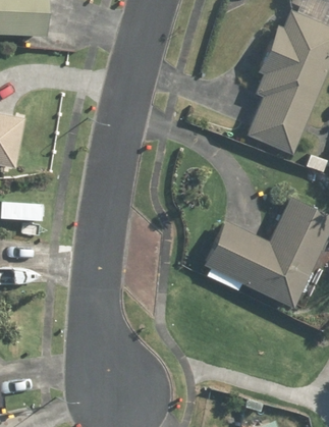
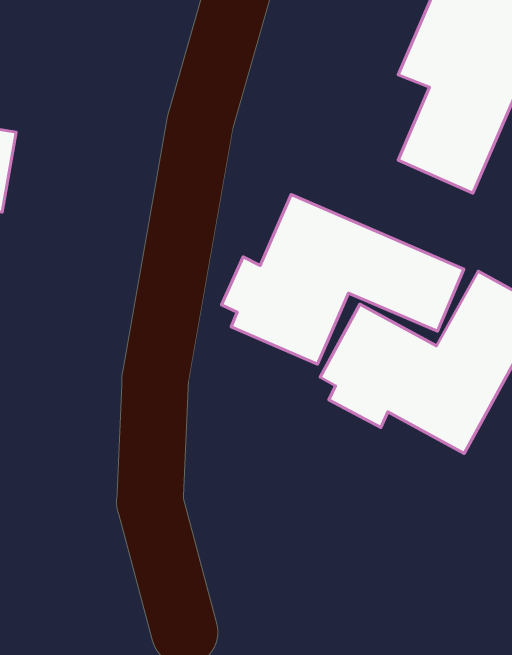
building: none -> [221,194,464,364]

